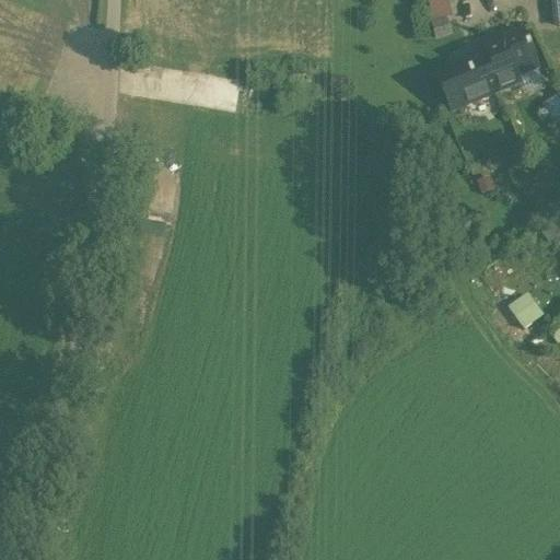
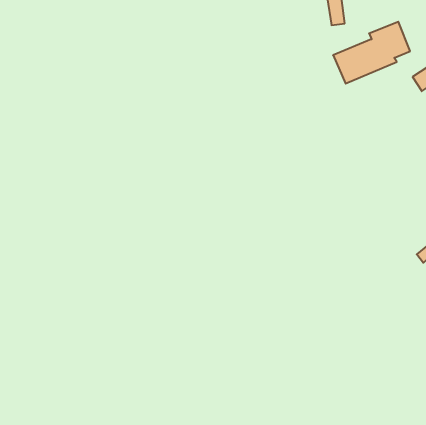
building: [509,290,544,326] -> none

